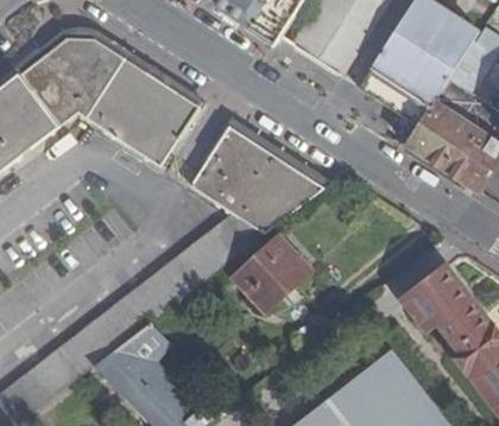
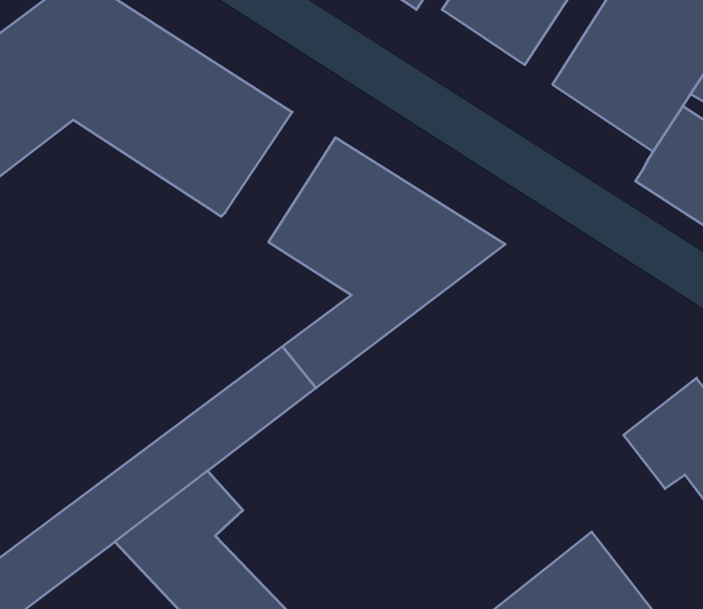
building: [234,237,309,310] -> none

